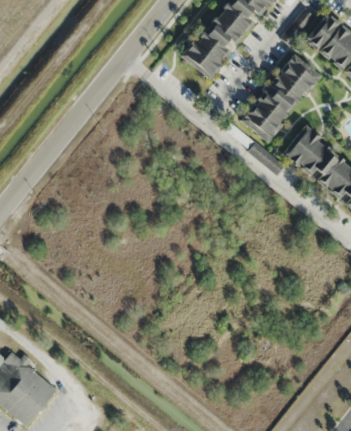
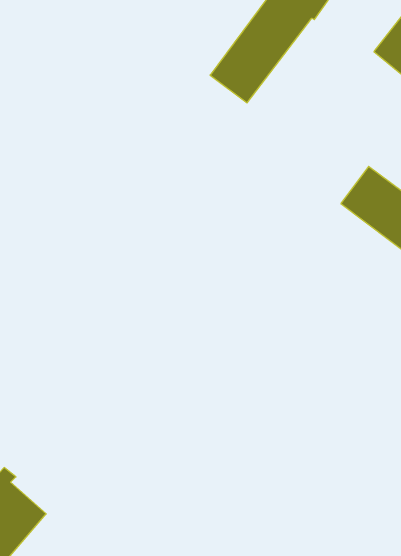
building: [240,53,322,142] -> none

